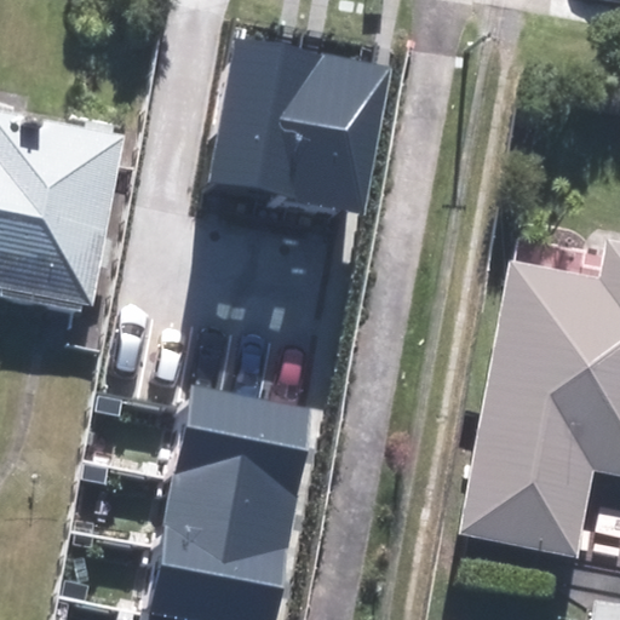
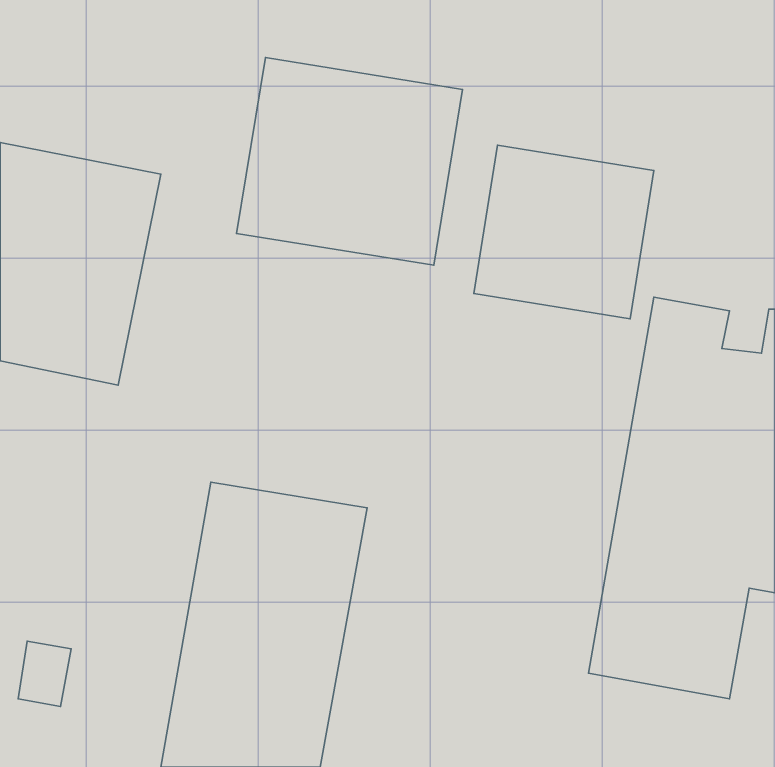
building: none -> [474,145,654,319]

